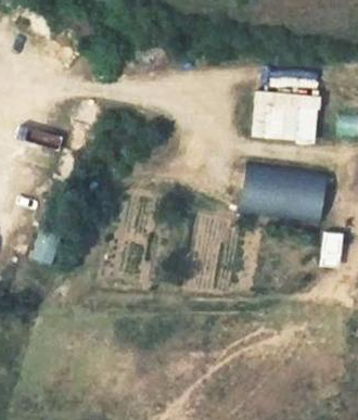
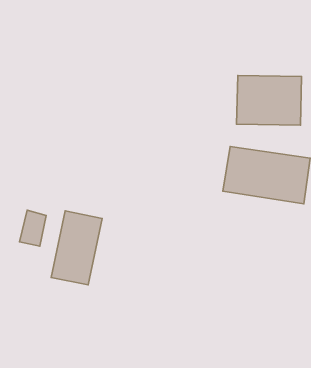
building: none -> [51,211,102,285]

